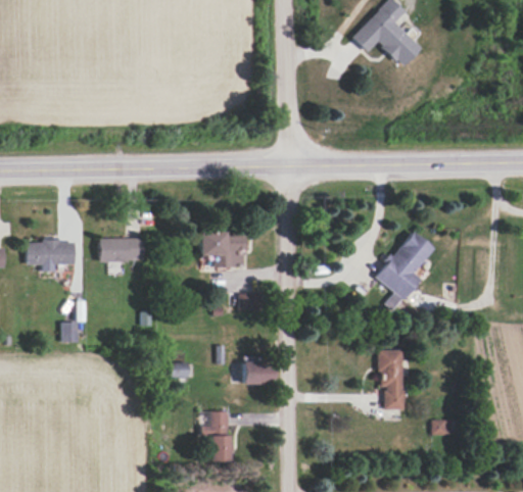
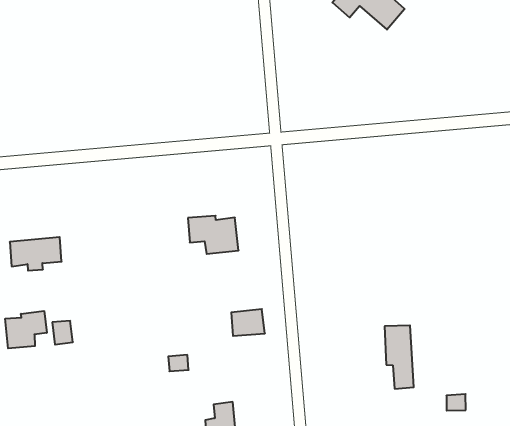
building: [375,231,433,311] -> none
building: [100,238,145,262] -> none
building: none -> [5,311,47,348]
building: [243,360,274,384] -> [231,309,265,336]

